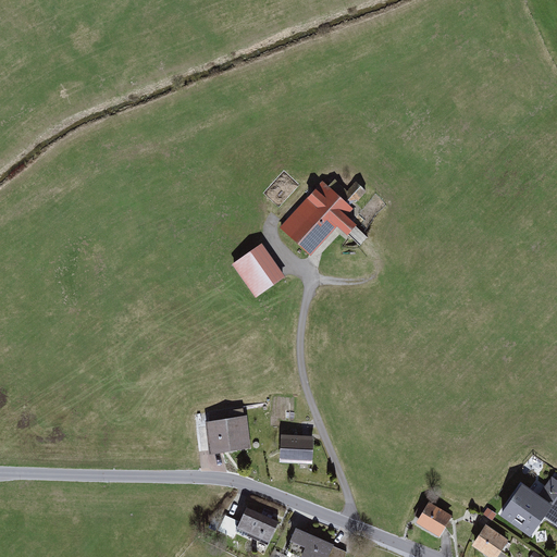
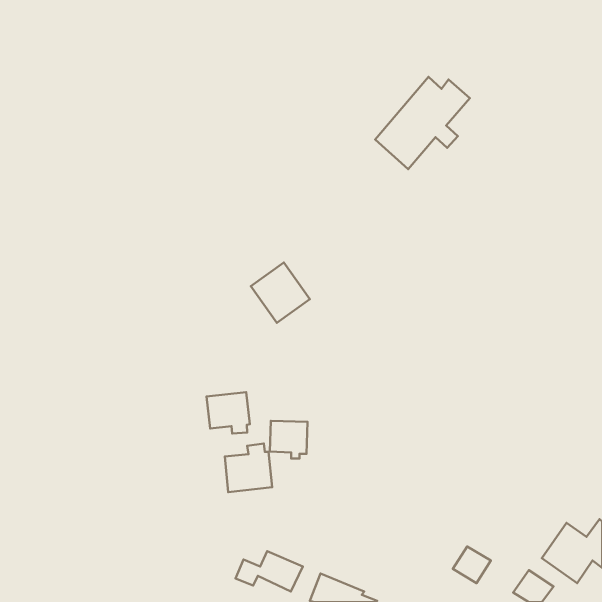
building: [280,171,367,256] -> [375,77,470,169]
building: none -> [207,392,250,434]
building: [280,434,314,469] -> [270,421,308,459]

